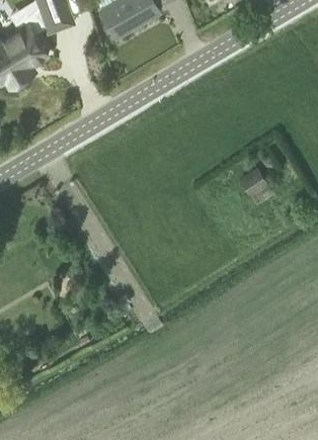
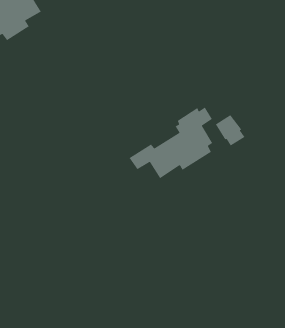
building: none -> [129,107,213,179]

